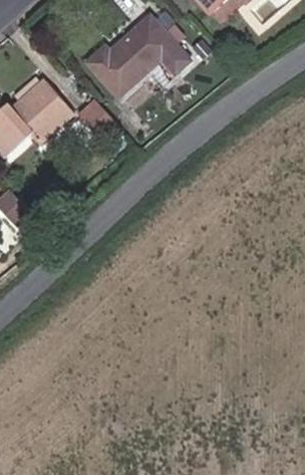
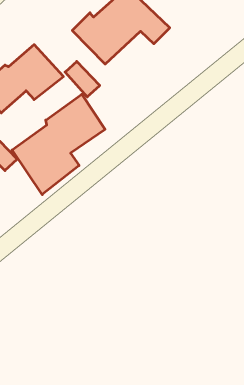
building: none -> [12,94,105,195]

